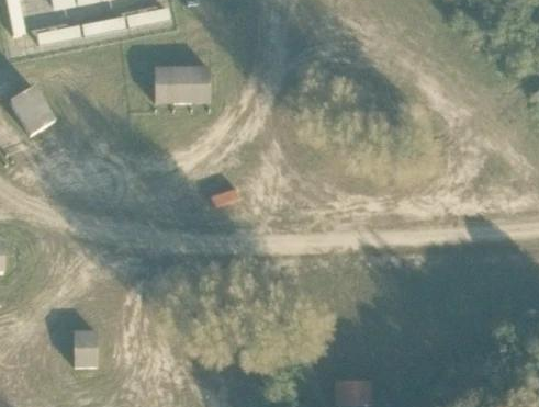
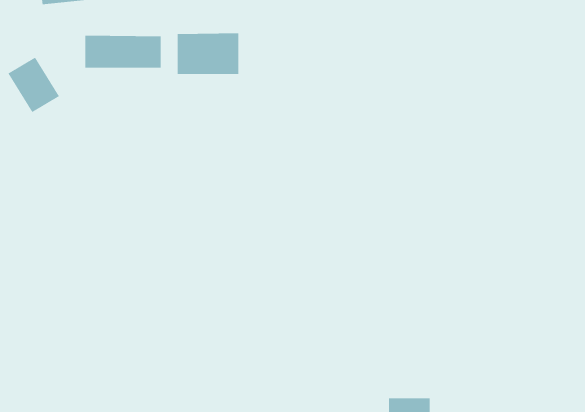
building: none -> [85,35,161,68]
building: [74,330,97,366] -> none

